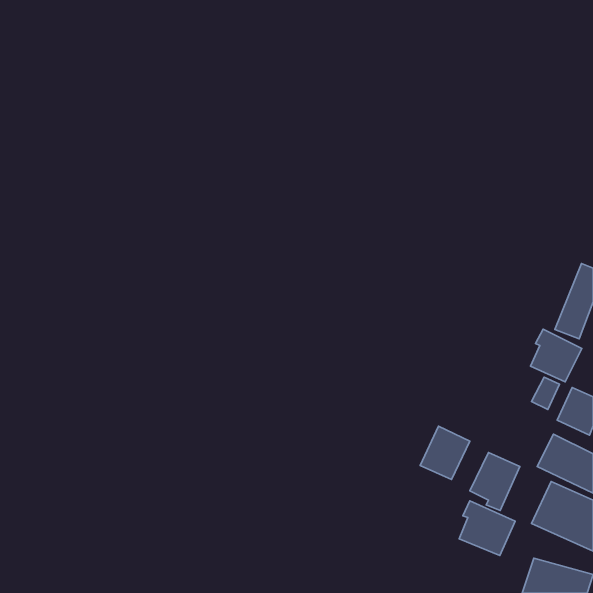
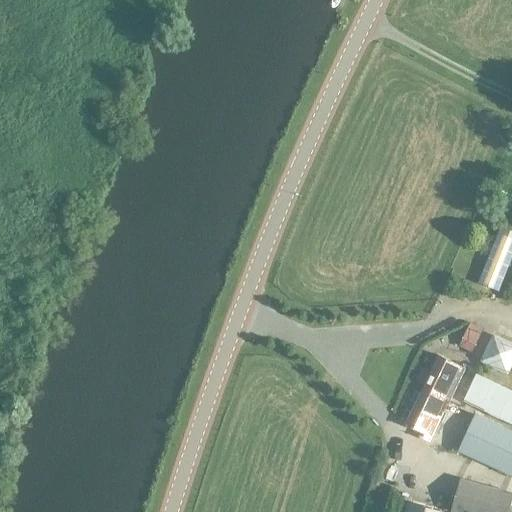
building: [530,329,582,382] -> none
building: [420,426,470,479] -> [421,356,464,402]
building: [459,501,515,555] -> none

